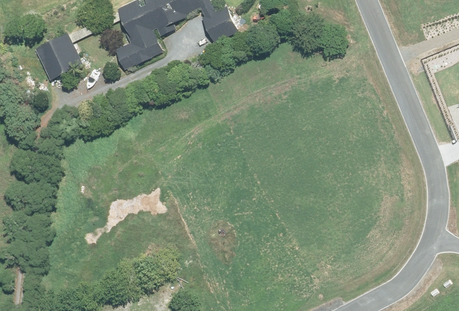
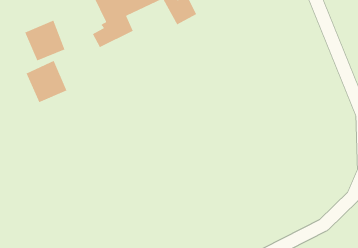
building: none -> [26,60,68,103]

